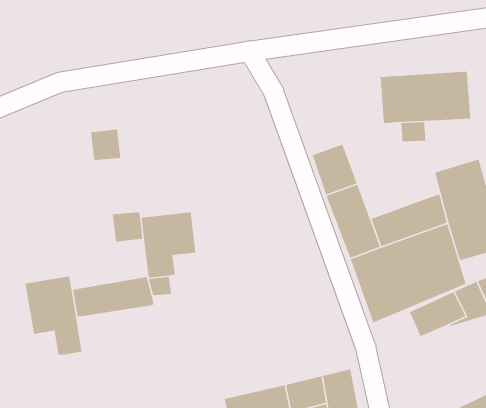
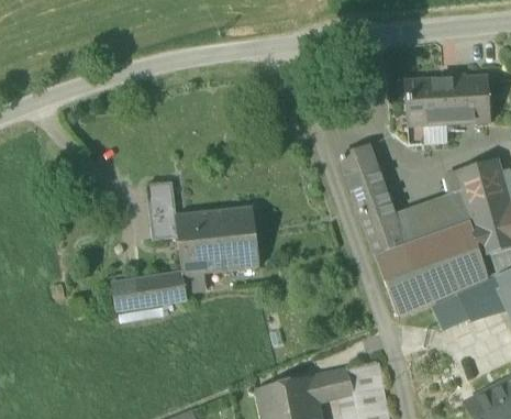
building: [90,128,121,161] -> [145,180,175,211]
building: none -> [207,206,258,269]
building: [25,276,83,356] -> none

